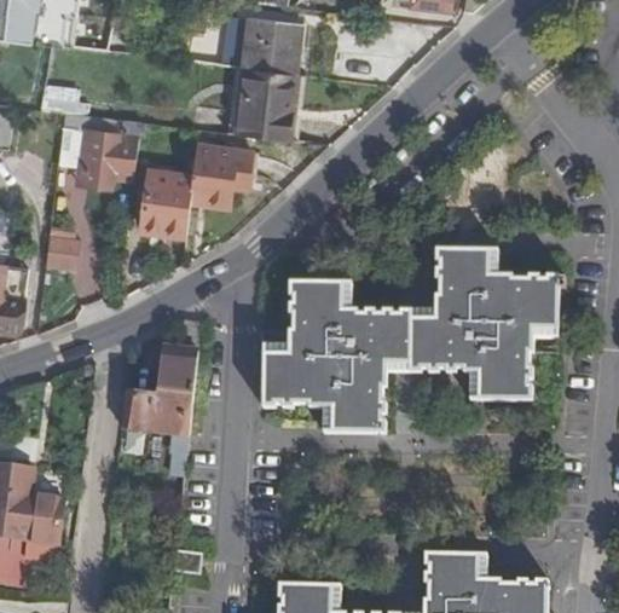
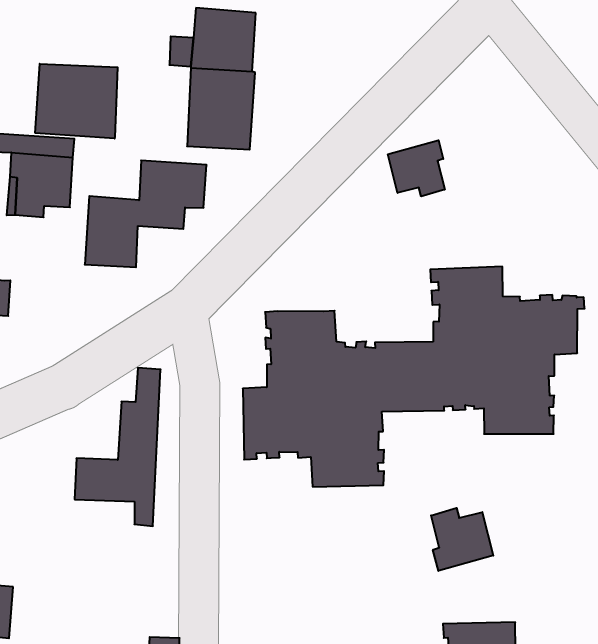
building: none -> [35,64,118,139]
building: none -> [388,140,445,196]
building: none -> [431,508,493,571]

